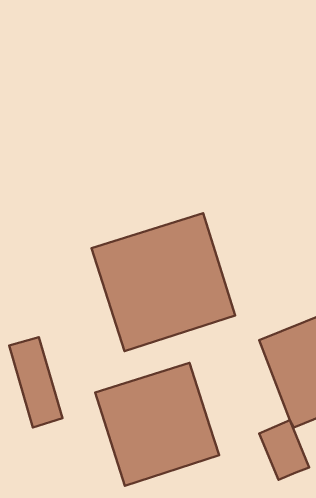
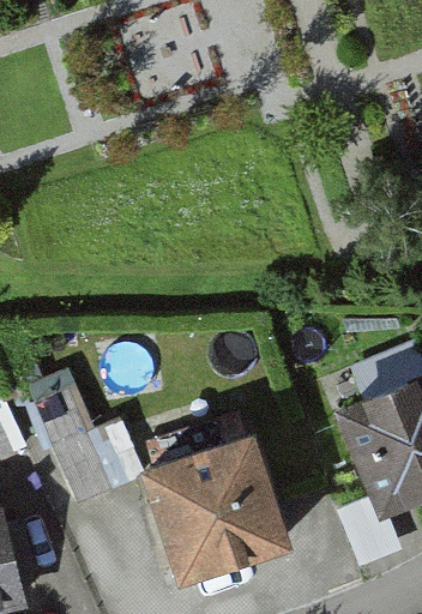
building: [92,213,235,351] -> none

